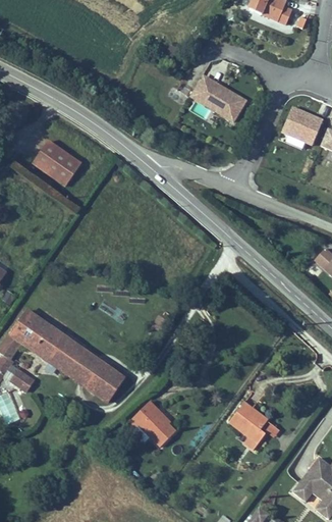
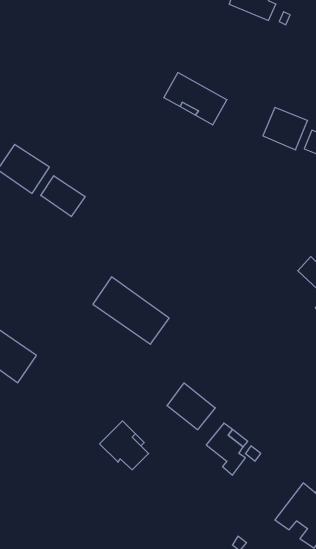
building: none -> [41,176,85,217]
building: [52,338,123,402] -> [93,277,169,344]
building: none -> [167,383,215,430]

